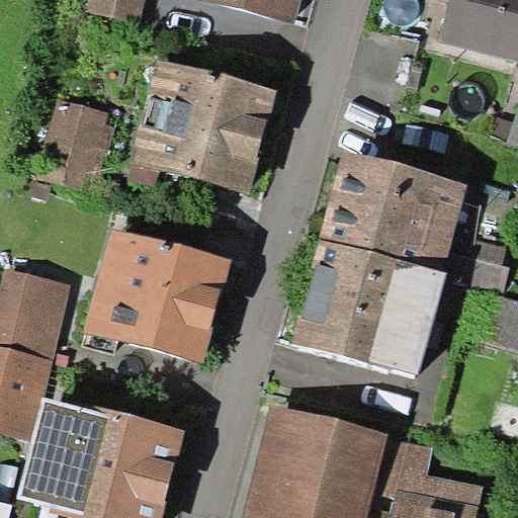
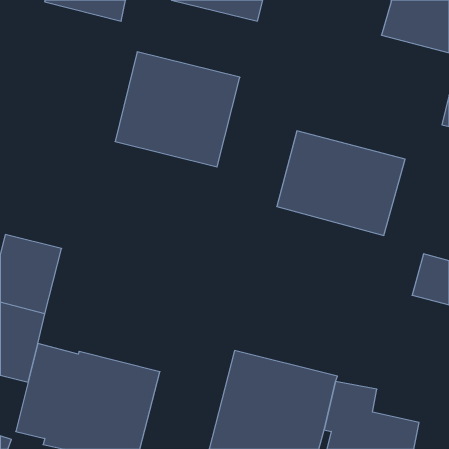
building: [37,100,113,190] -> none
building: [85,228,232,362] -> none
building: [291,238,447,375] -> none

